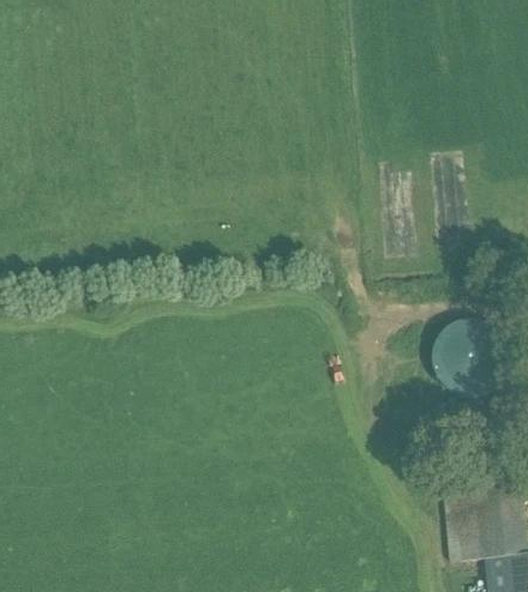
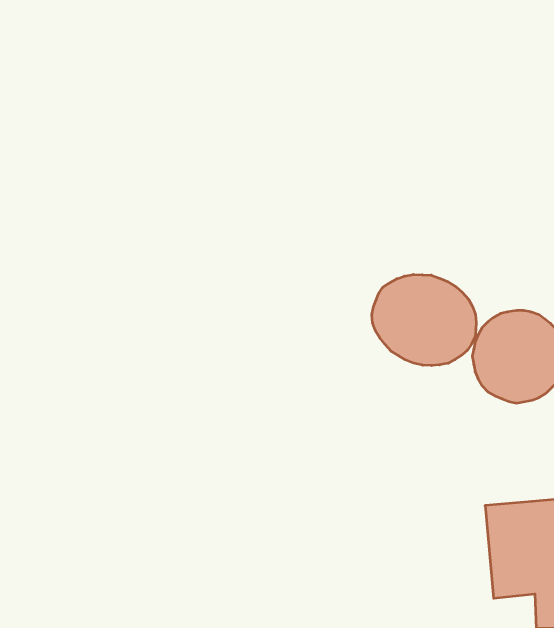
building: none -> [372,274,476,366]

